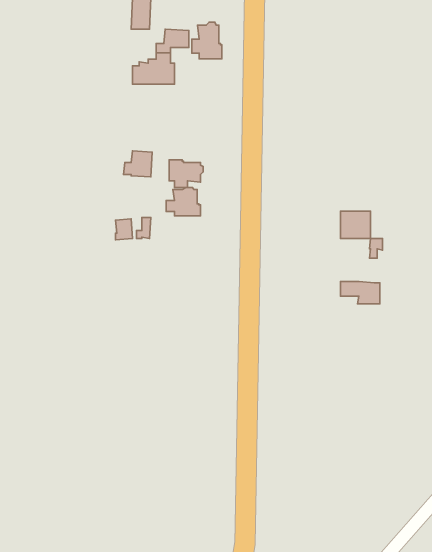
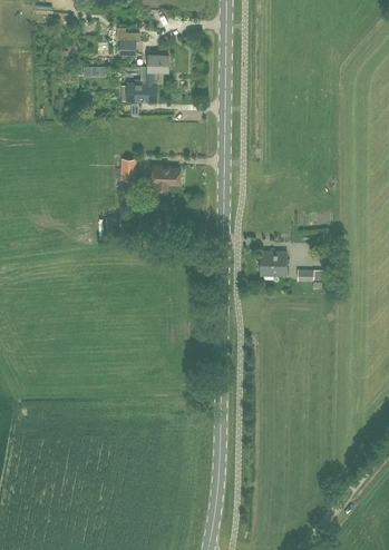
building: [192,22,222,59] -> none
building: [166,187,201,216] -> none
building: [341,211,371,238] -> [261,251,286,274]

